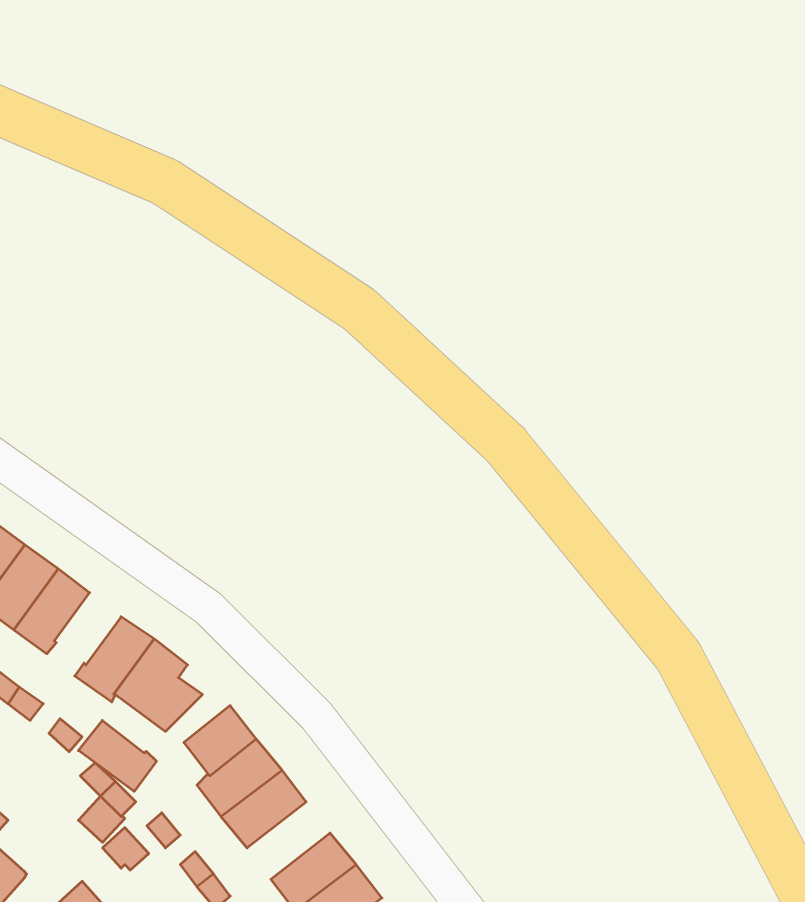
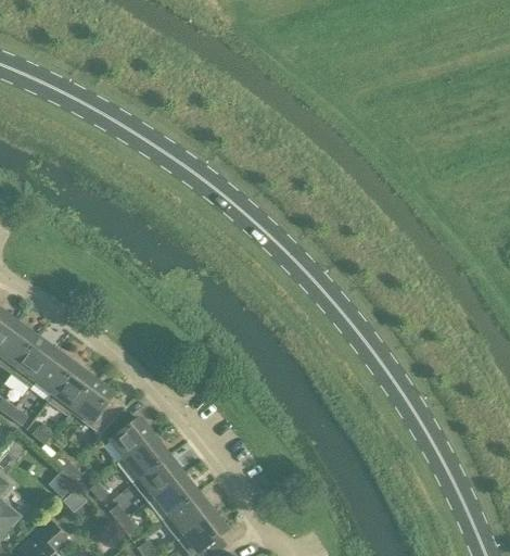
building: none -> [36,351,75,393]
building: [78,720,156,791] -> none
building: none -> [149,473,197,519]

